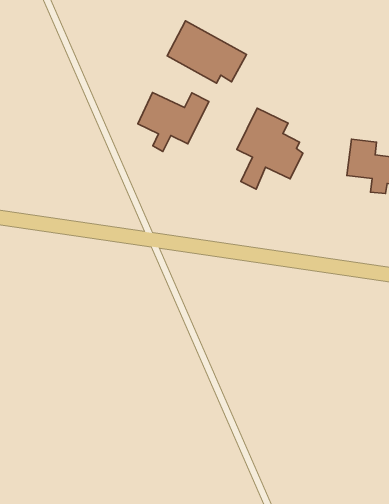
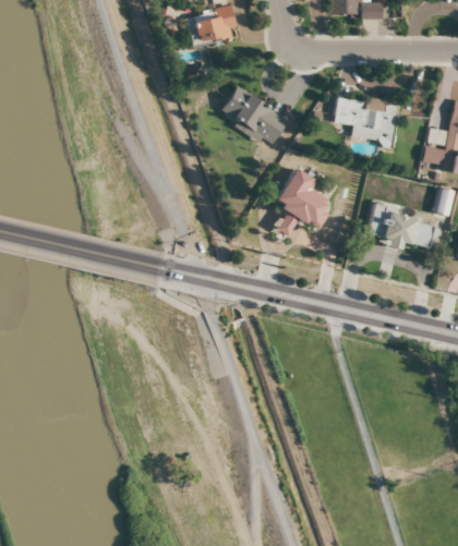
building: none -> [333,94,399,145]
building: [138,92,209,151] -> none

